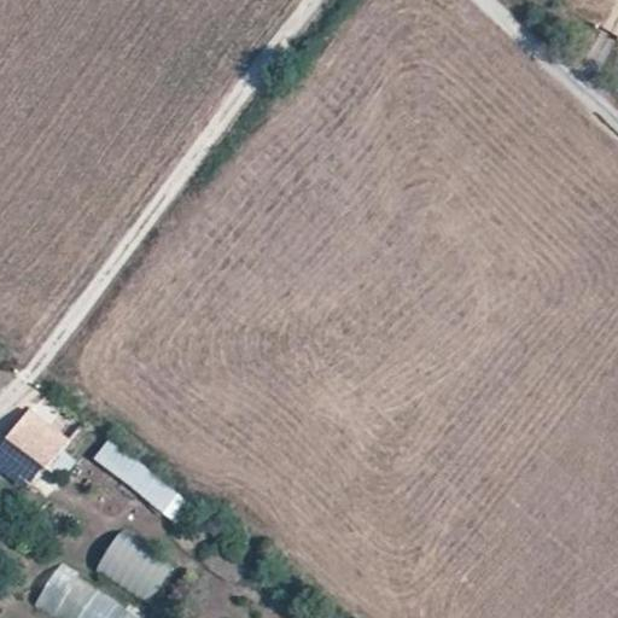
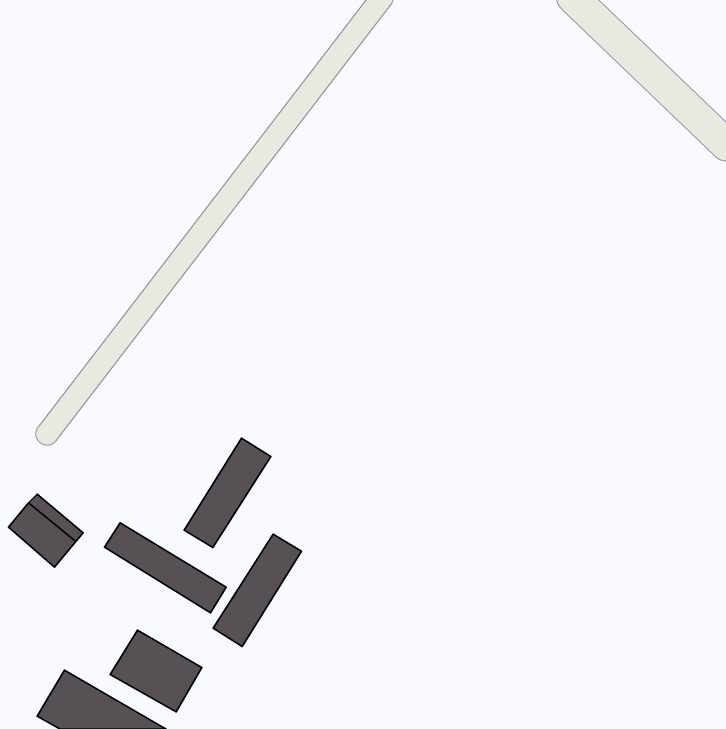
building: none -> [184,438,271,547]
building: none -> [213,534,302,647]

